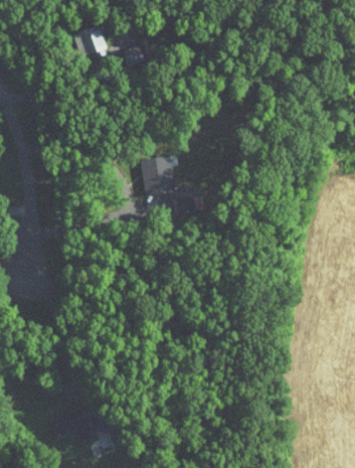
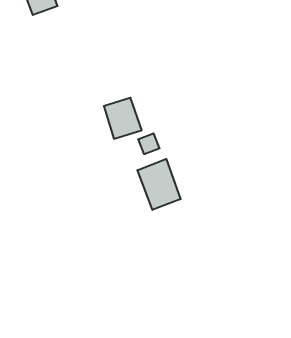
building: none -> [137,159,181,210]

